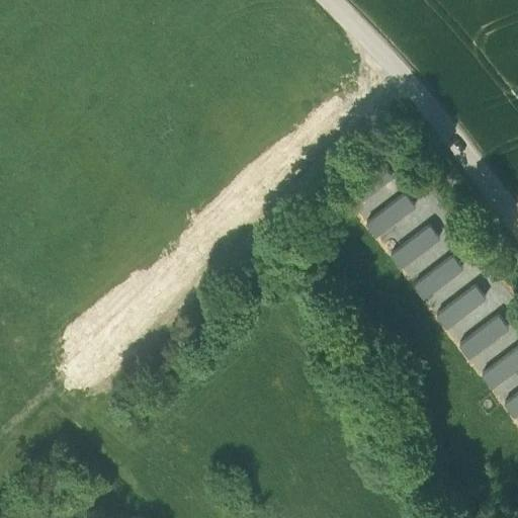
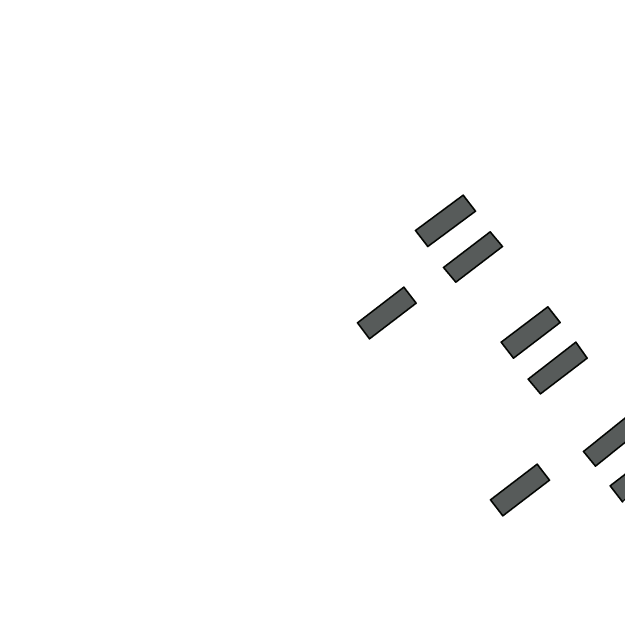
building: [392,227,440,269] -> [357,287,416,339]
building: [460,317,509,359] -> [491,464,549,516]

